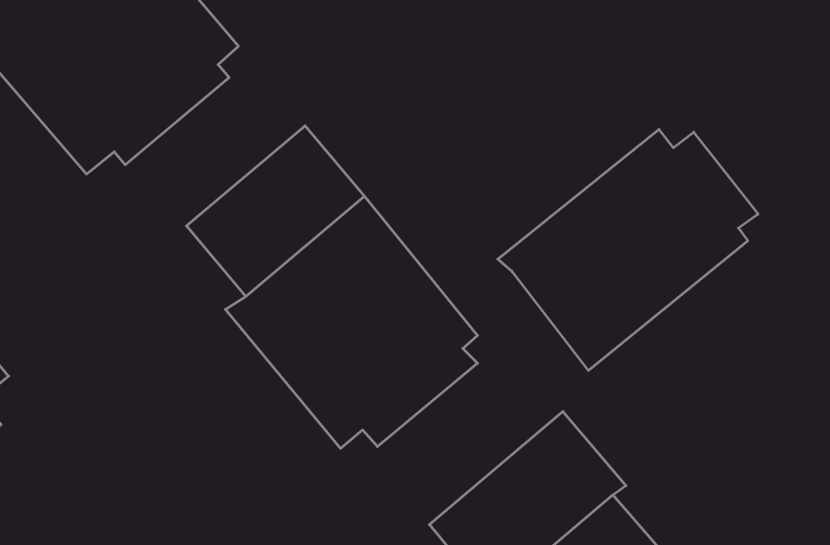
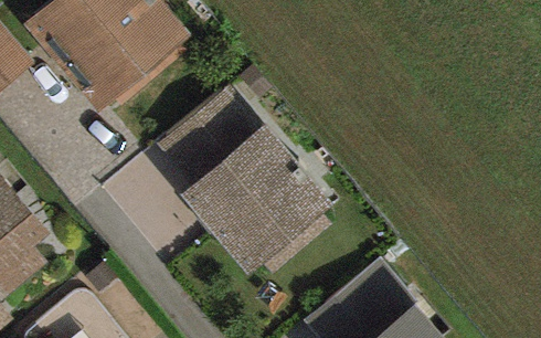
building: [498,129,758,370] -> none

